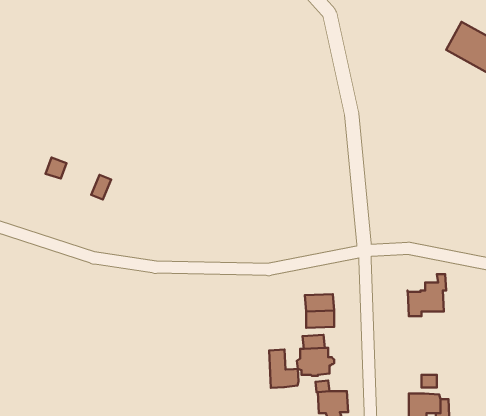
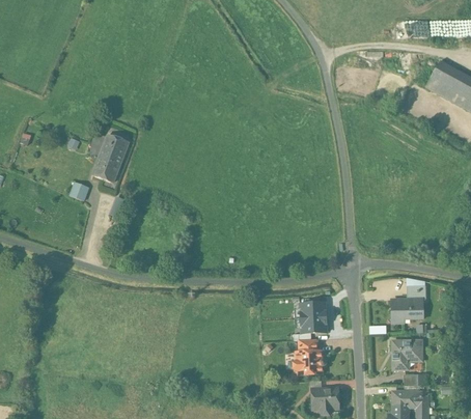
building: none -> [92,135,128,184]
building: none -> [392,340,421,369]
building: [269,350,298,388] -> none

